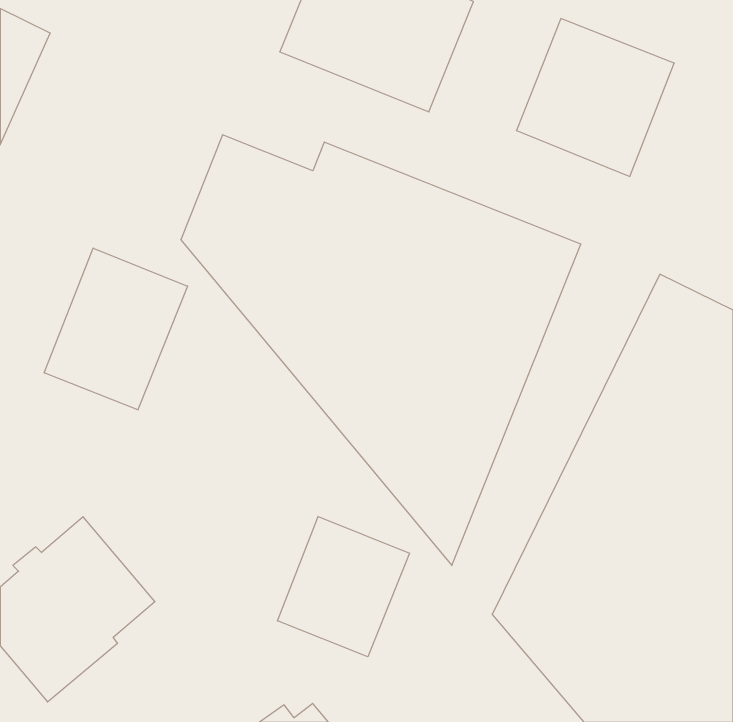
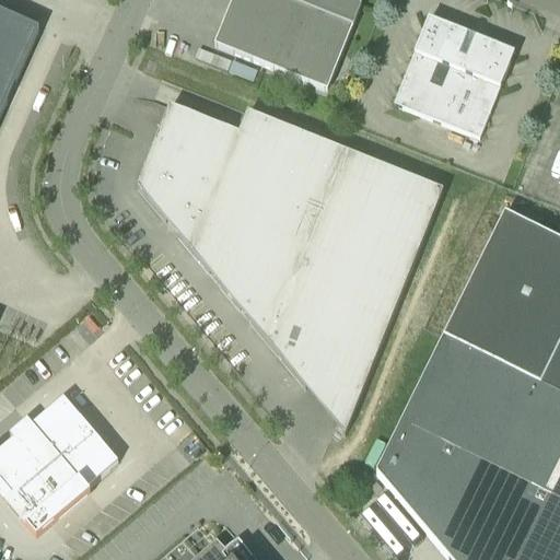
building: [44,248,188,410] -> none
building: [277,516,409,657] -> none

